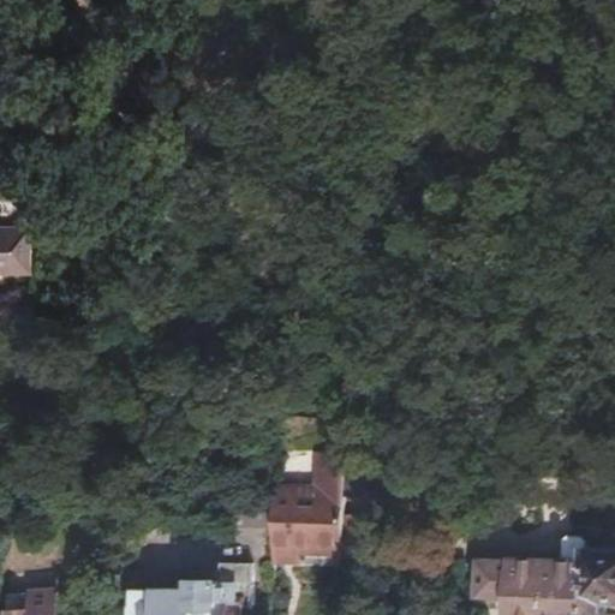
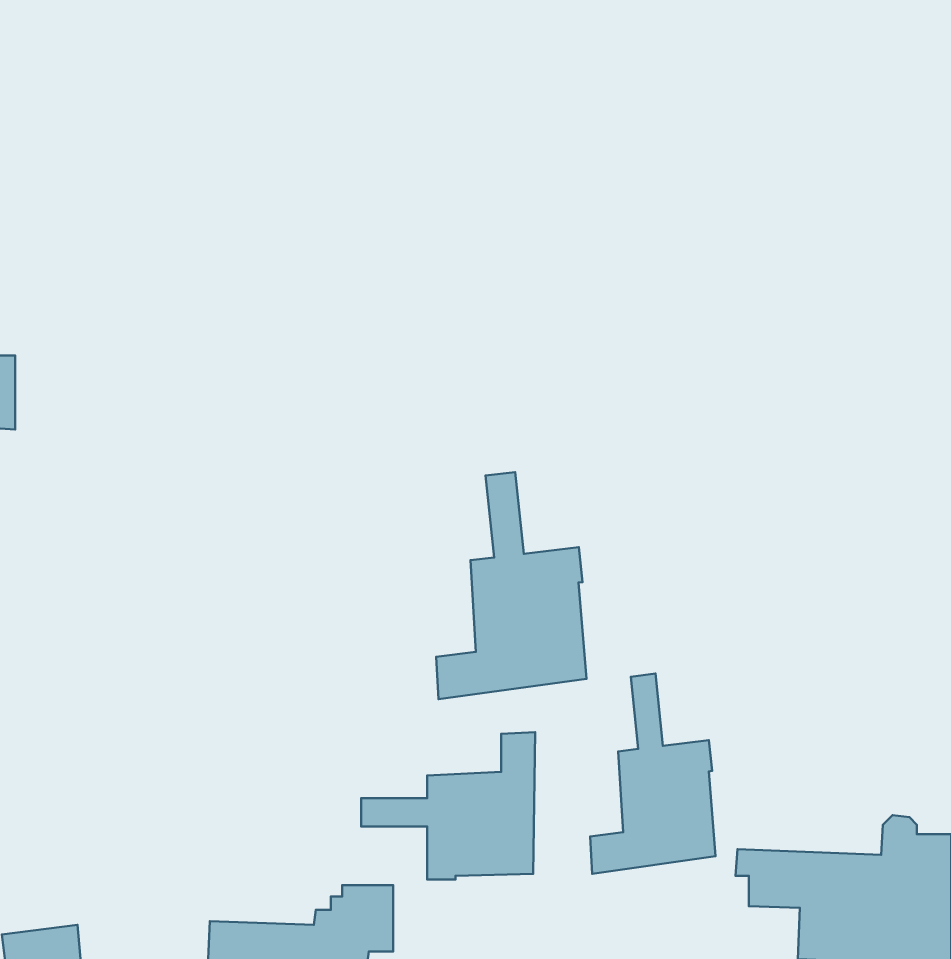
building: none -> [436,472,587,699]
building: none -> [590,674,716,874]

